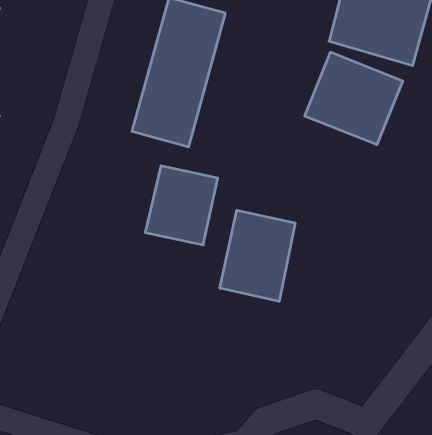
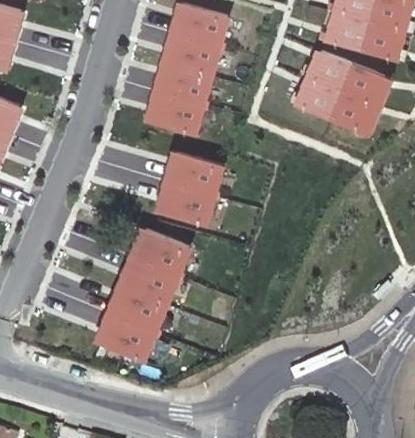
building: [220,210,295,301] -> none
building: none -> [101,228,190,362]

